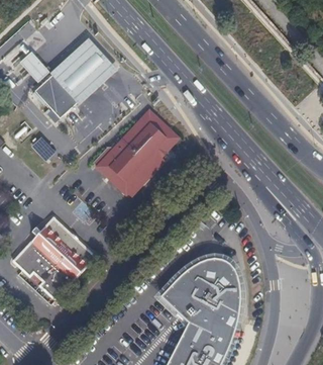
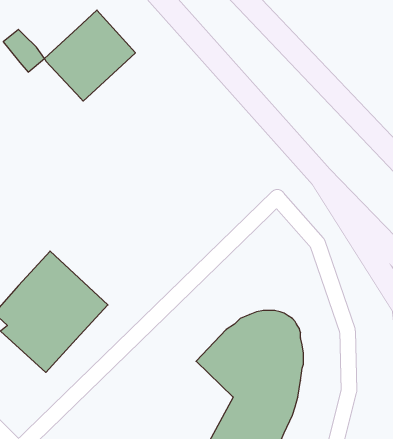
building: [33,76,76,123] -> none
building: [93,111,177,196] -> none

